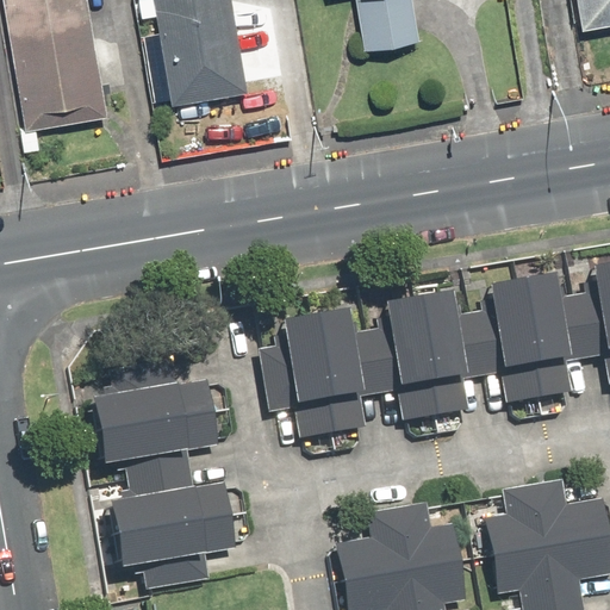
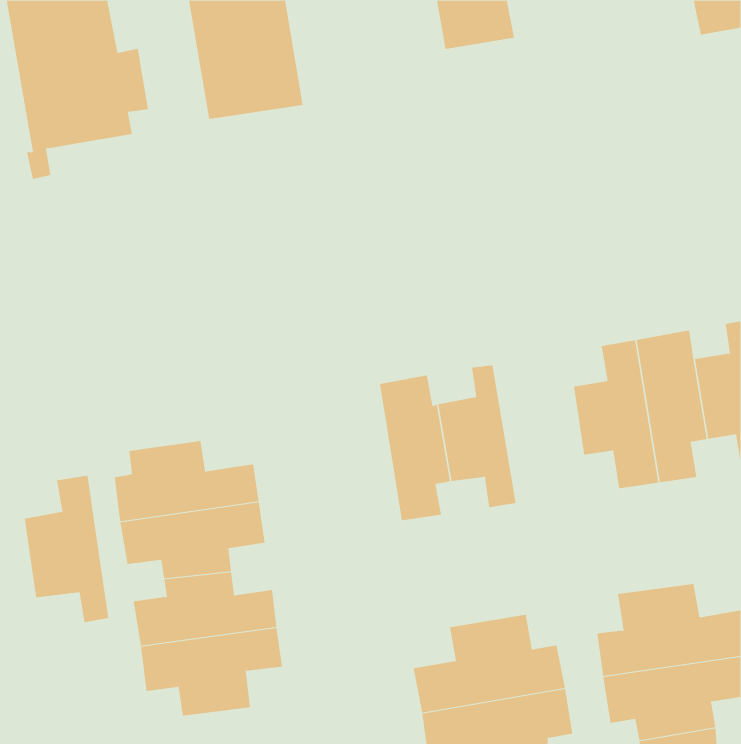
building: [403,290,477,412] -> none
building: [259,315,328,431] -> none
building: none -> [24,475,109,623]

